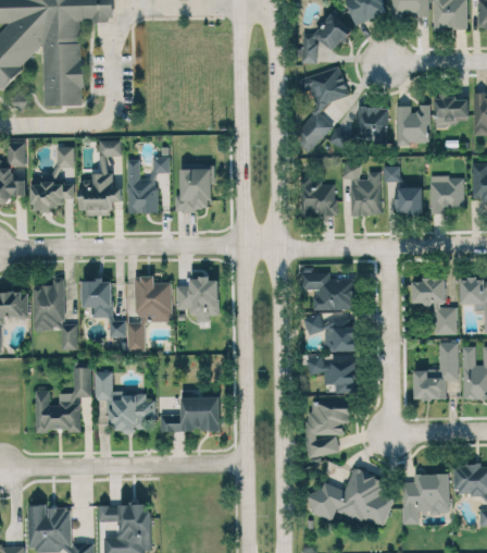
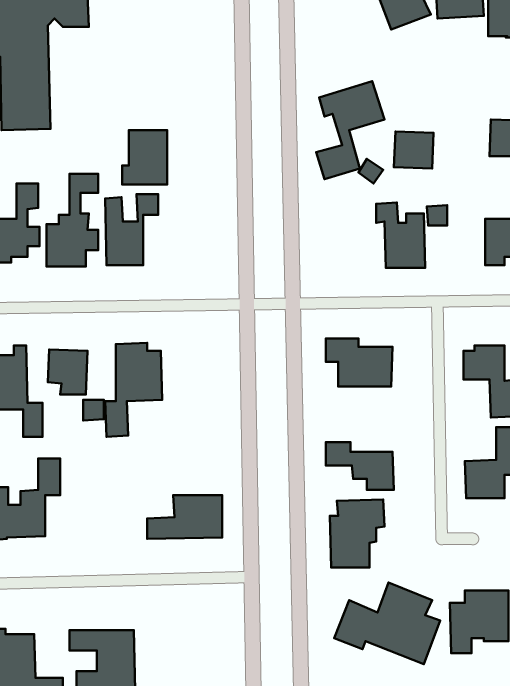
building: [300,14,348,63] -> none
building: [396,105,429,144] -> none
building: [175,167,211,210] -> [122,130,167,185]
building: [299,182,335,217] -> none
building: [395,187,423,213] -> none
building: [176,279,218,319] -> none
building: [304,314,355,352] -> none
building: [93,371,154,431] -> none

